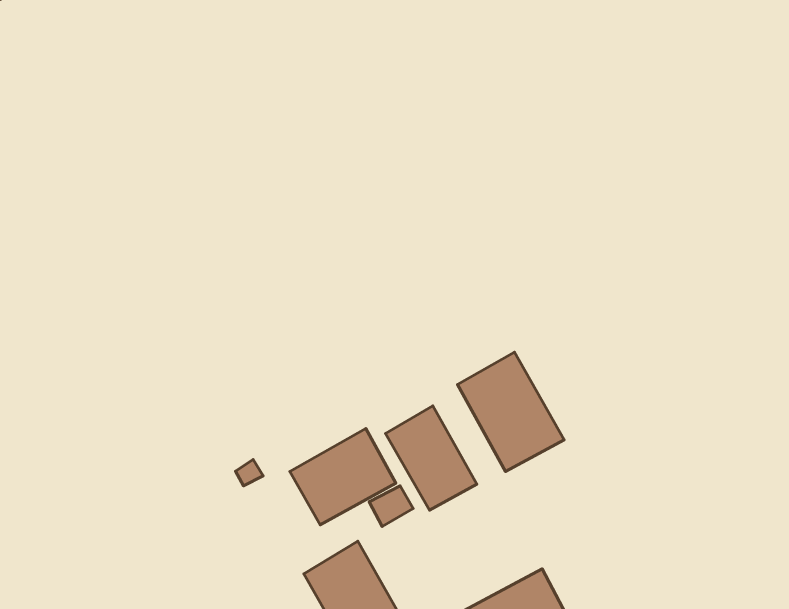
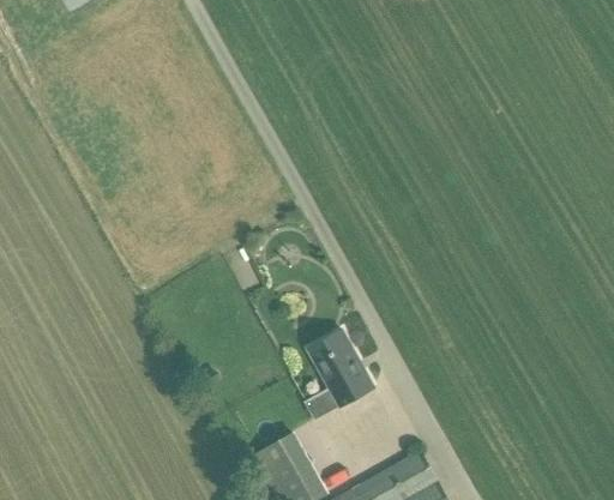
building: [458,352,564,472] -> none
building: [290,429,396,525] -> none

